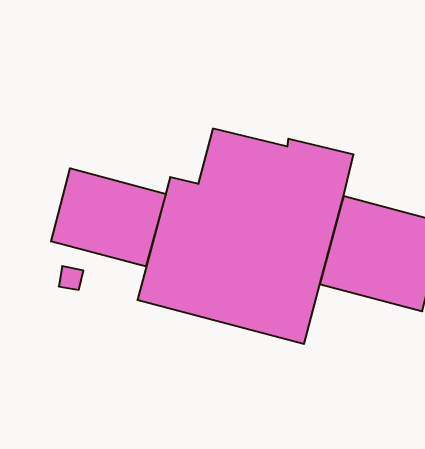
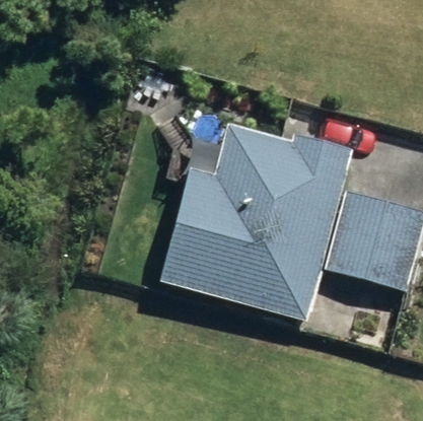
building: [51,168,166,266] -> none

